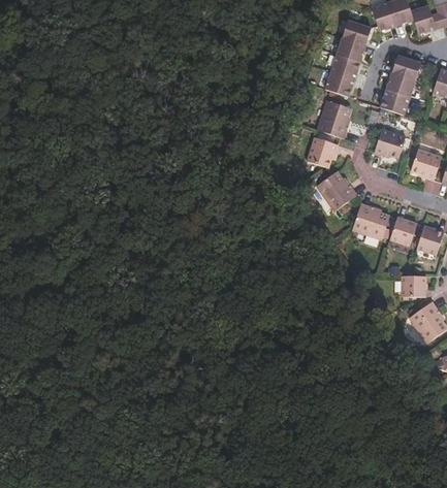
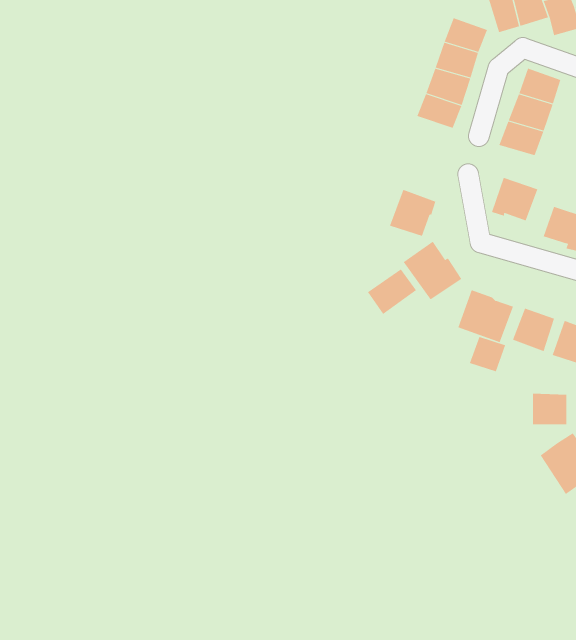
building: [317,98,351,137] -> none
building: none -> [367,269,417,315]
building: none -> [469,336,506,372]

